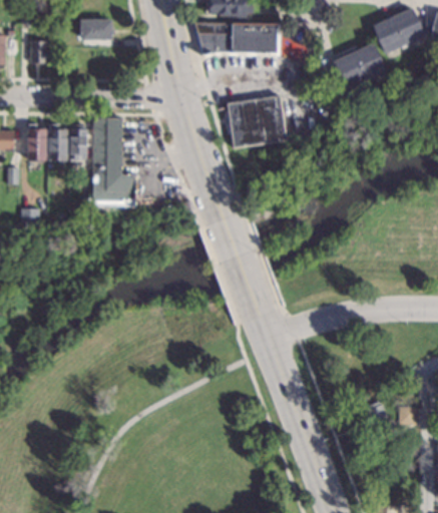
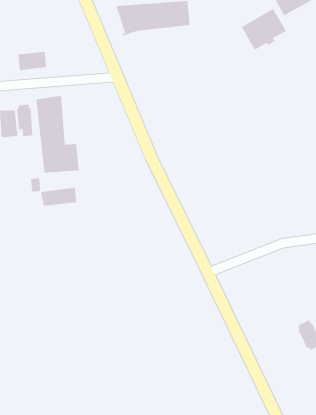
building: [81,19,113,39] -> [17,51,47,71]
building: [228,94,287,146] -> none
building: none -> [40,187,77,207]

